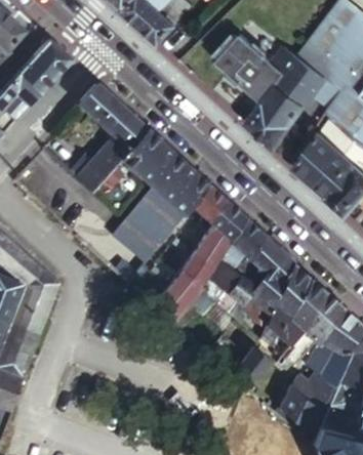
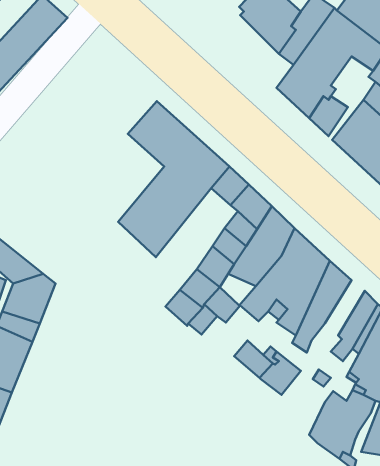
building: [73,85,147,191] -> none
building: [278,283,323,345] -> none

